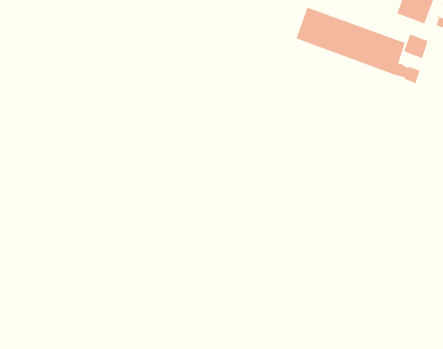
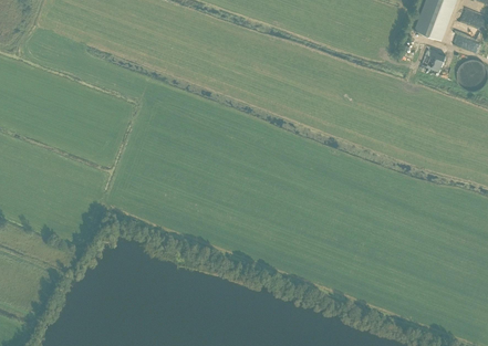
building: [296,7,420,84] -> none

